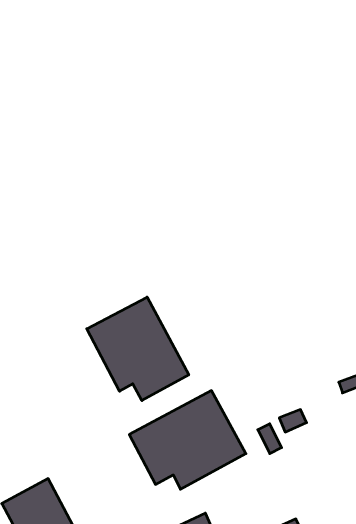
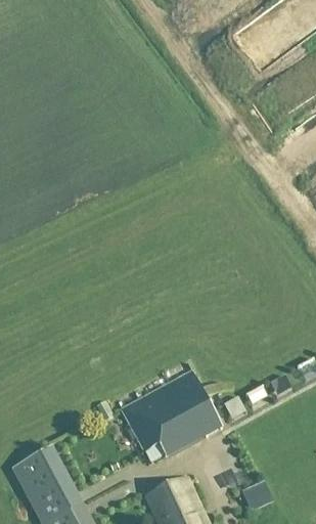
building: [87,297,189,401] -> none

